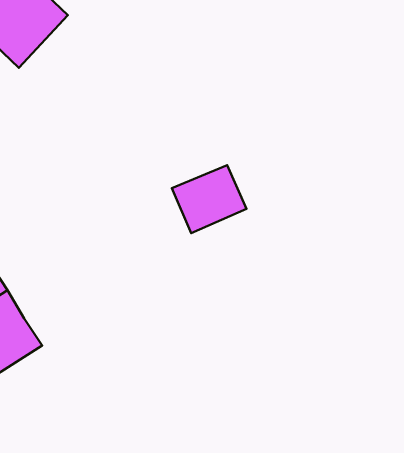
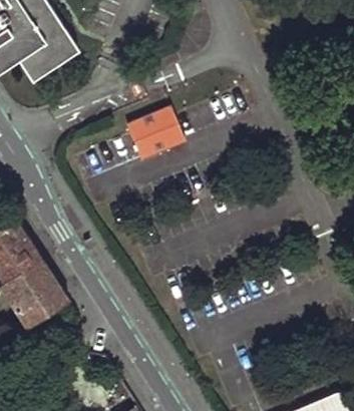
building: [172,165,246,233] -> [134,103,193,156]

